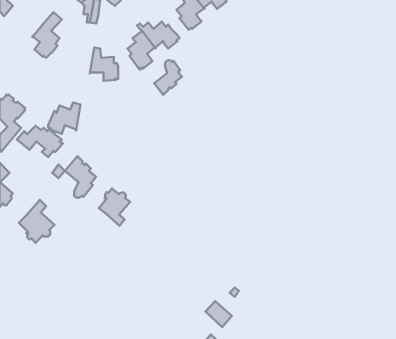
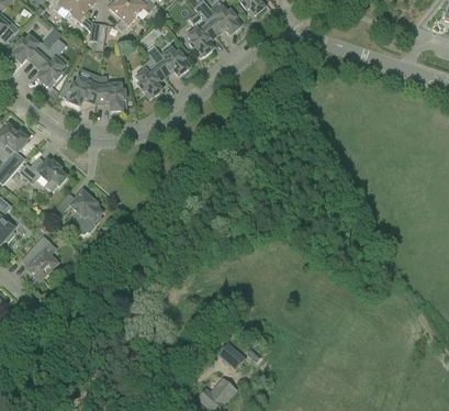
building: none -> [10,34,48,63]
building: [154,60,182,95] -> none
building: [48,102,81,134] -> [66,71,100,104]
building: [99,189,130,226] -> none

